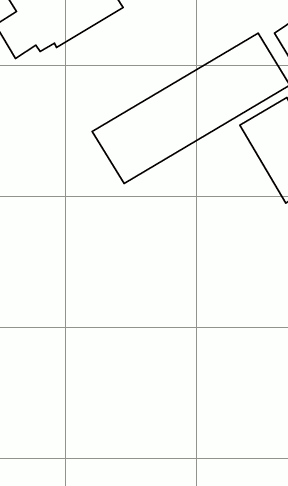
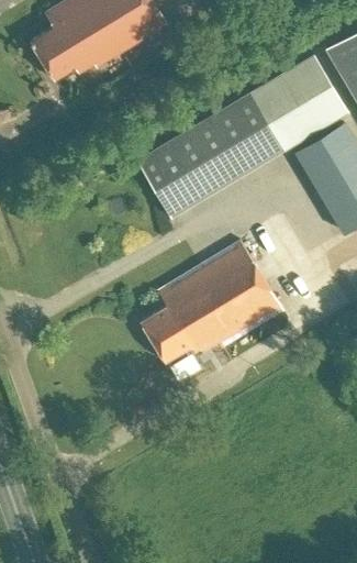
building: none -> [141,242,285,363]

